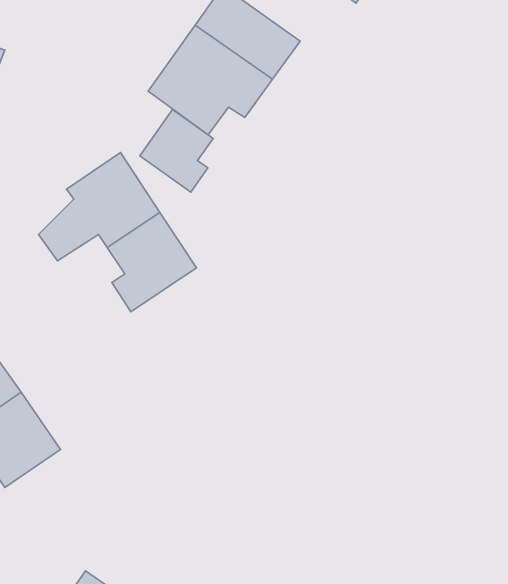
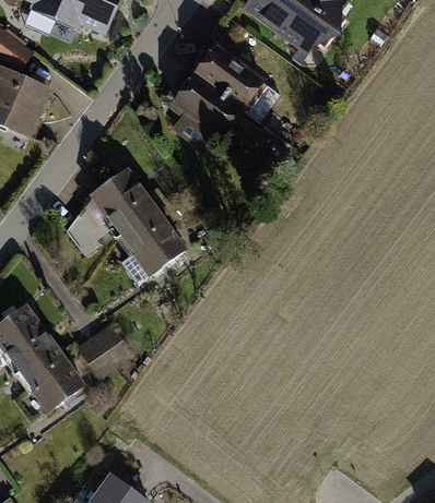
building: [140,109,213,192] -> none
building: none -> [79,327,128,375]

